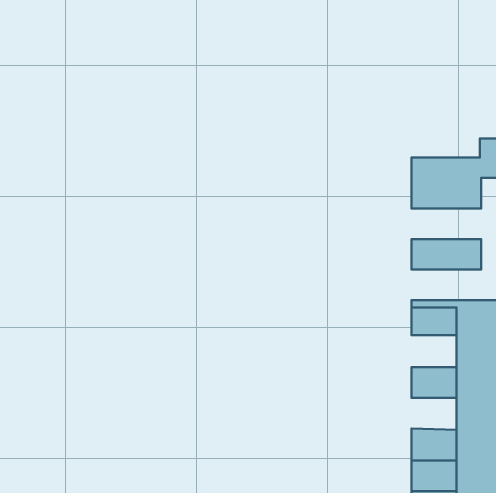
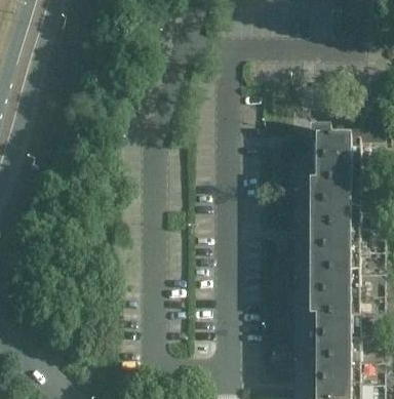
building: none -> [299,170,348,192]
building: none -> [299,213,348,235]
building: none -> [299,260,330,282]
building: none -> [299,304,330,326]

